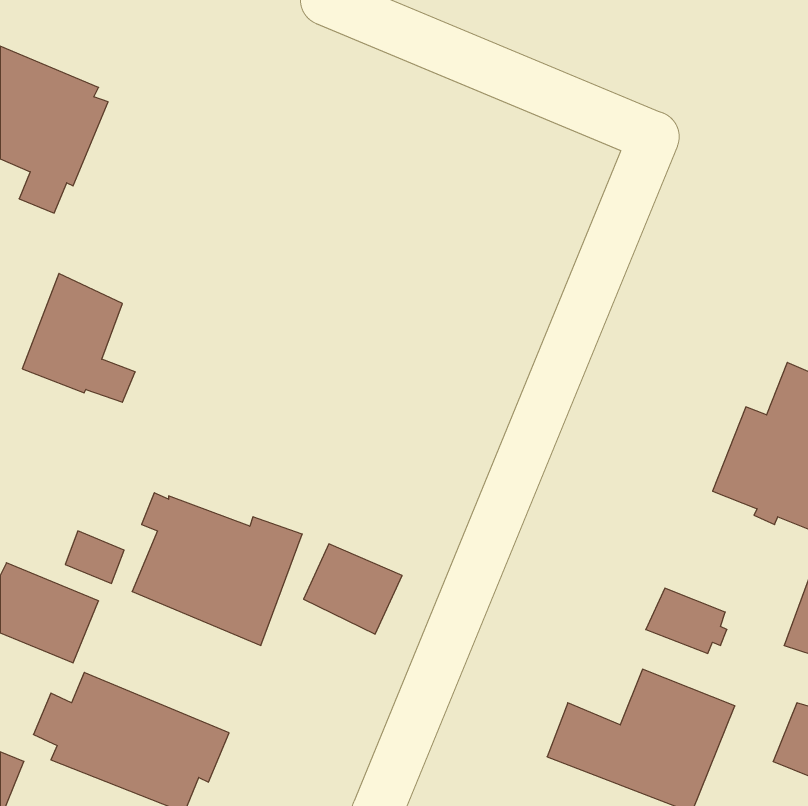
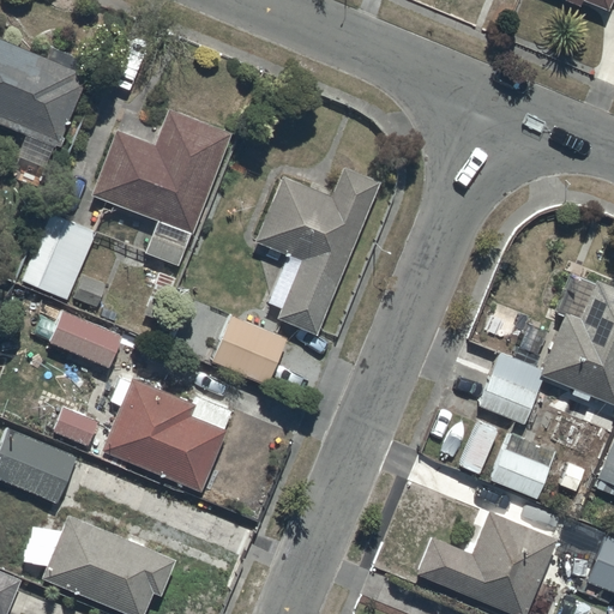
building: none -> [94,109,230,266]
building: none -> [254,165,379,335]
building: none -> [49,311,121,368]
building: none -> [478,354,542,425]
building: [304,544,402,634] -> [212,317,287,385]

